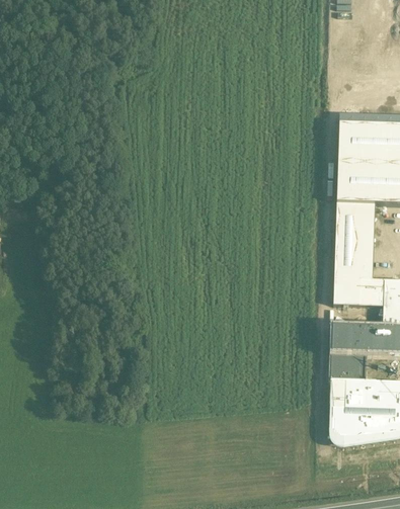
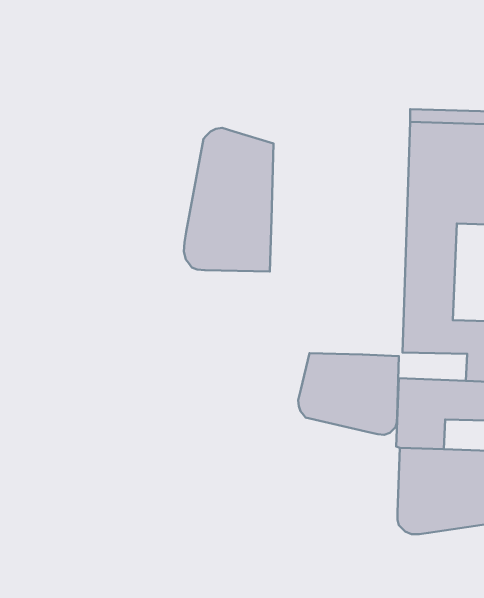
building: none -> [184,128,273,271]
building: none -> [298,353,399,435]

